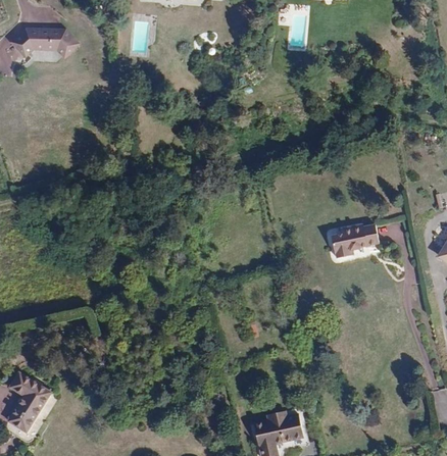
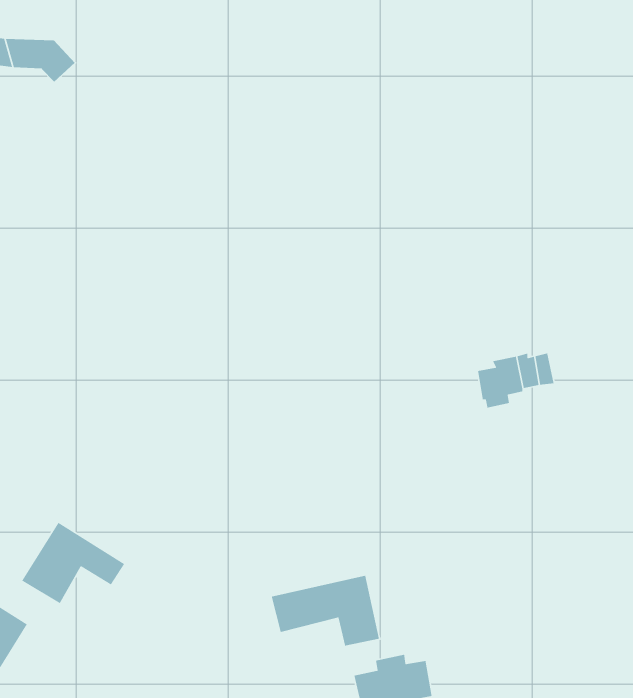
building: none -> [21,522,125,604]
building: none -> [271,575,380,647]

